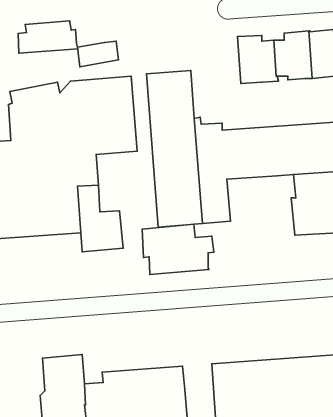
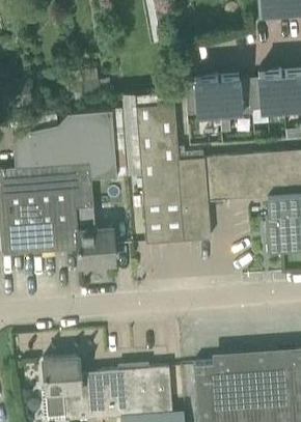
building: [18,21,78,53] -> none
building: none -> [184,75,219,118]
building: [142,224,214,275] -> none

